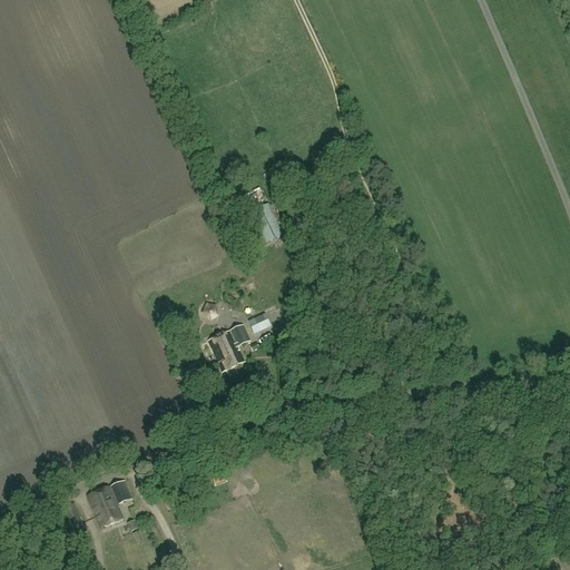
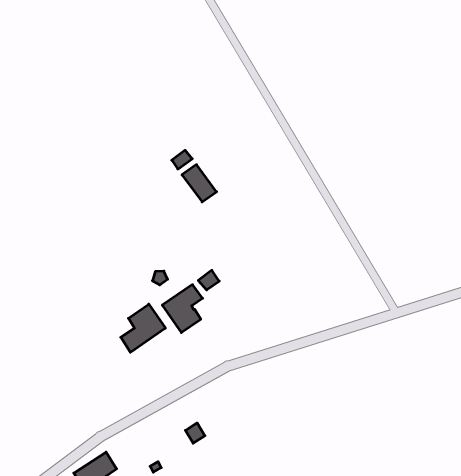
building: none -> [121,304,165,352]

